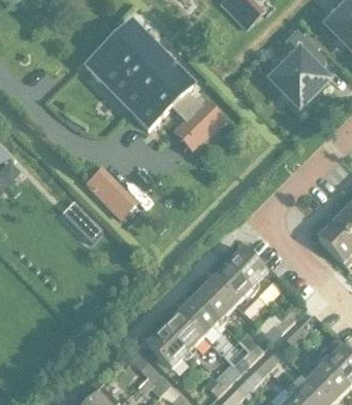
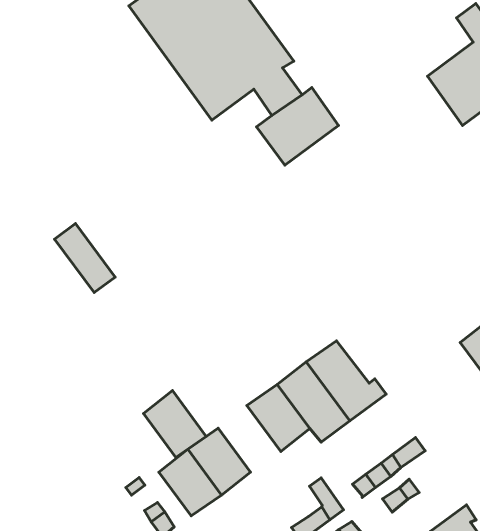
building: [85,165,137,218] -> none
building: [179,296,219,336] -> [143,391,206,457]

